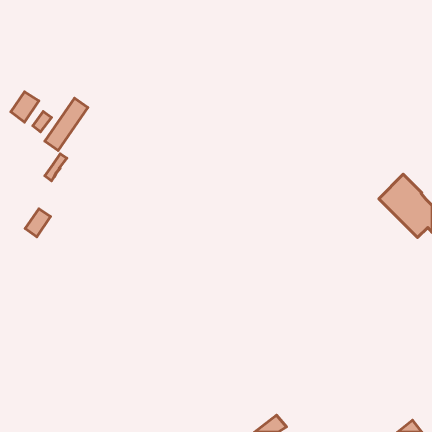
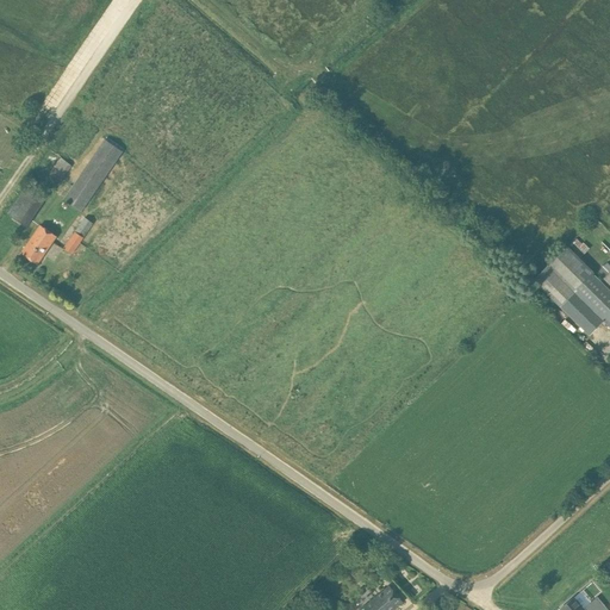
building: [11,92,39,122] -> [8,185,48,228]
building: [25,209,51,237] -> [21,225,57,264]

